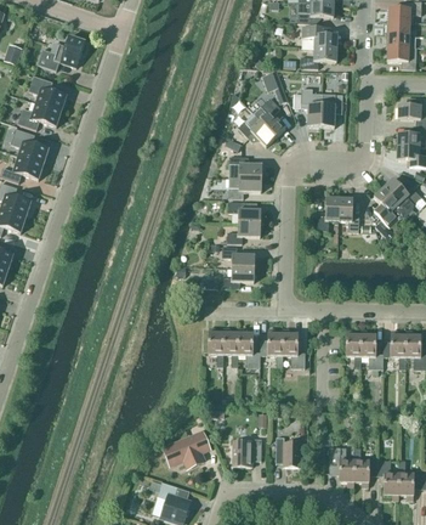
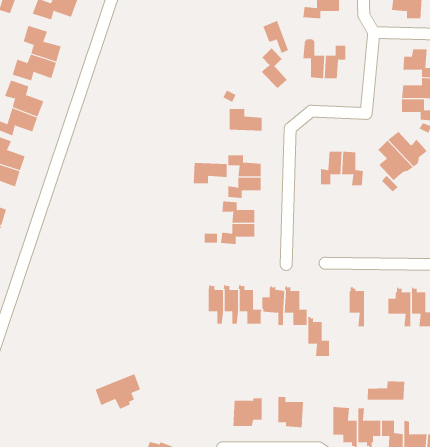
building: [238,113,276,146] -> none
building: [227,176,261,197] -> [193,163,228,184]
building: [360,329,382,368] -> [308,317,330,356]
building: none -> [367,381,405,401]
building: [164,431,209,467] -> [95,373,141,410]

